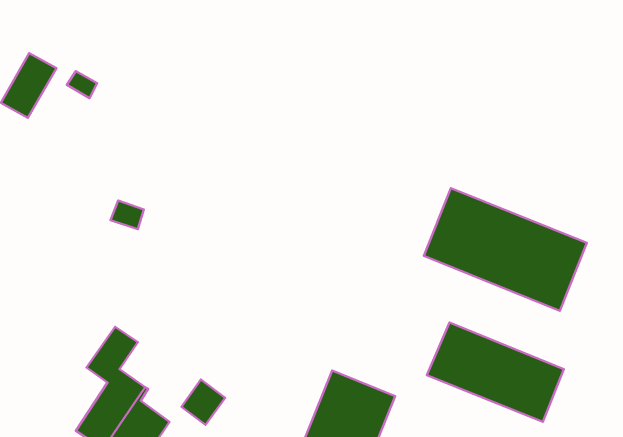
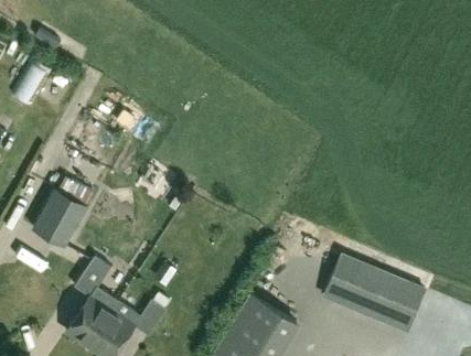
building: [424,188,587,311] -> none
building: none -> [33,176,89,245]

